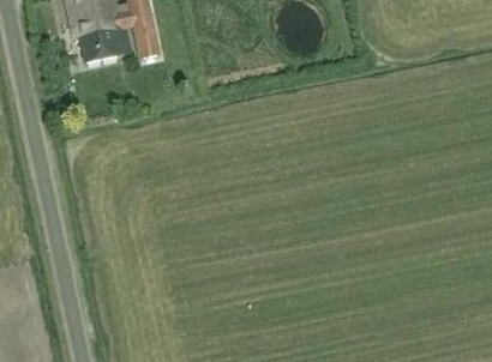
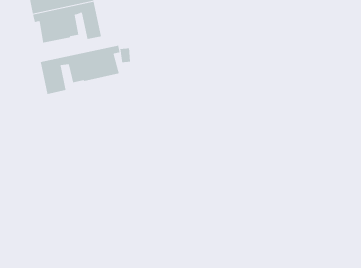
building: none -> [40,45,120,95]

